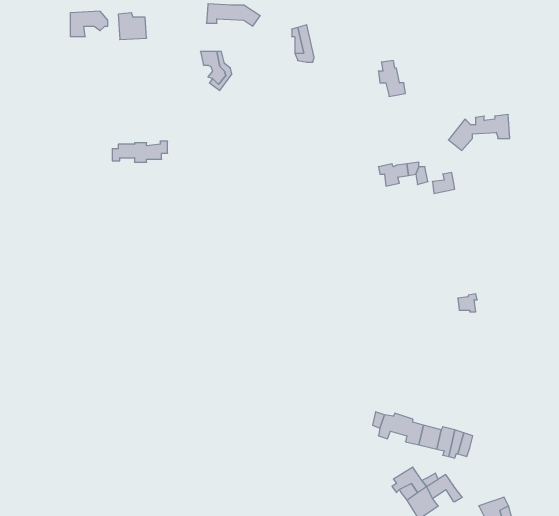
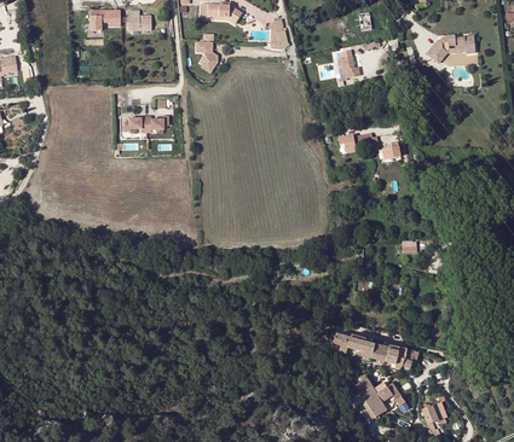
building: [448,115,510,150] -> [426,34,475,63]

